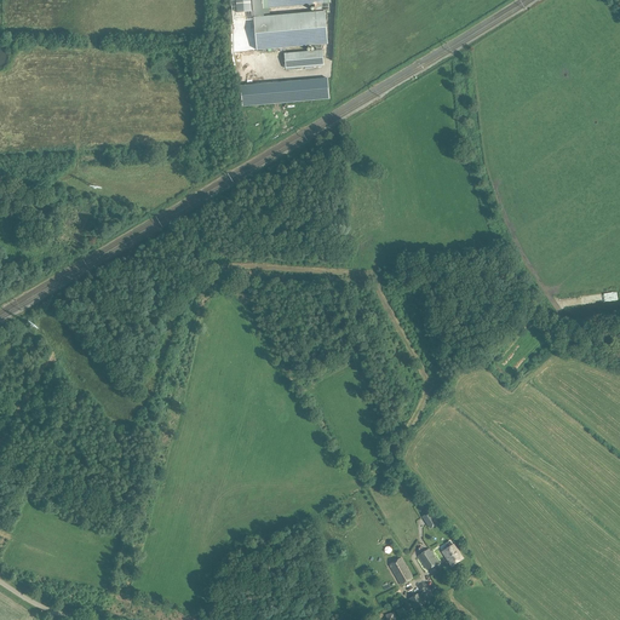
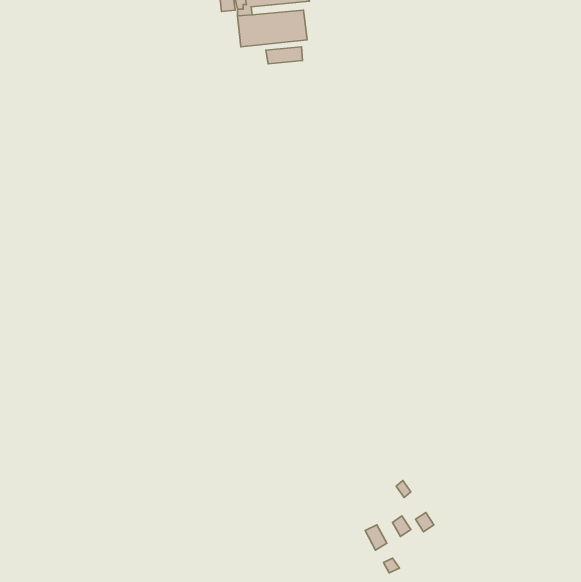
building: [239,78,327,105] -> none

